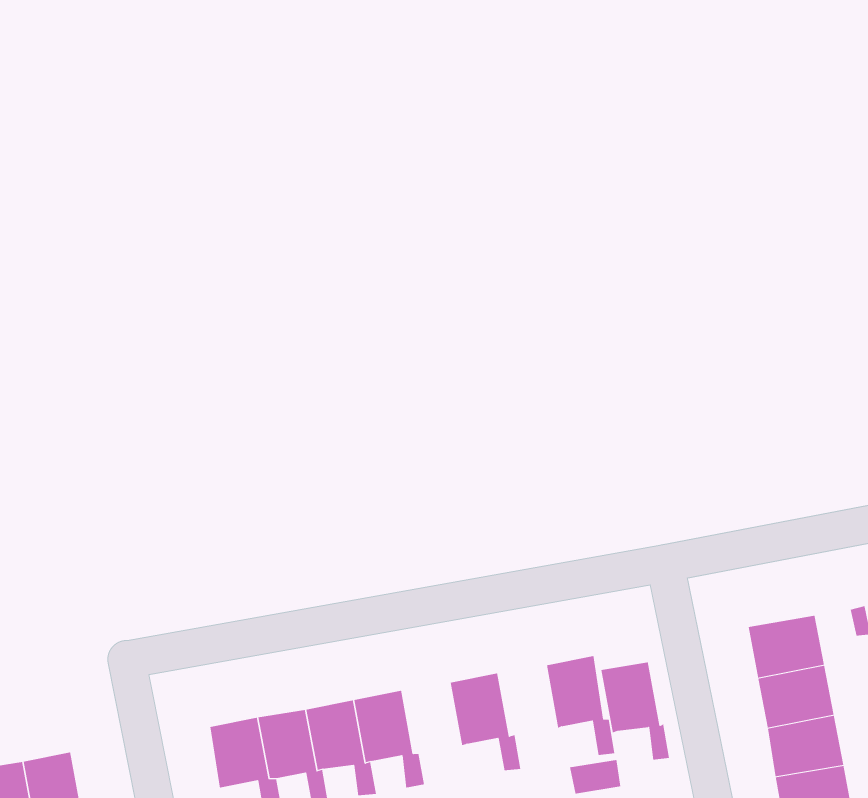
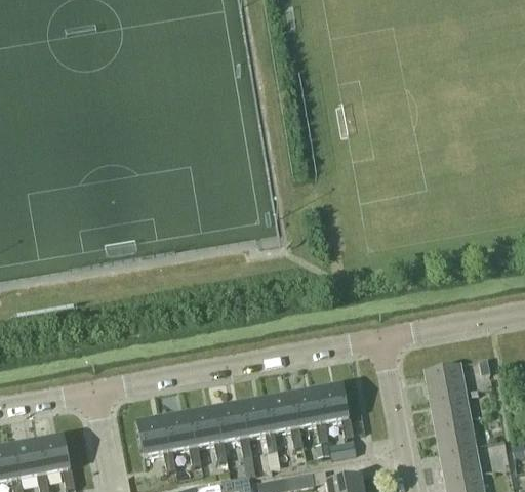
building: [601,662,670,760] -> [290,387,327,440]
building: none -> [239,397,276,449]

